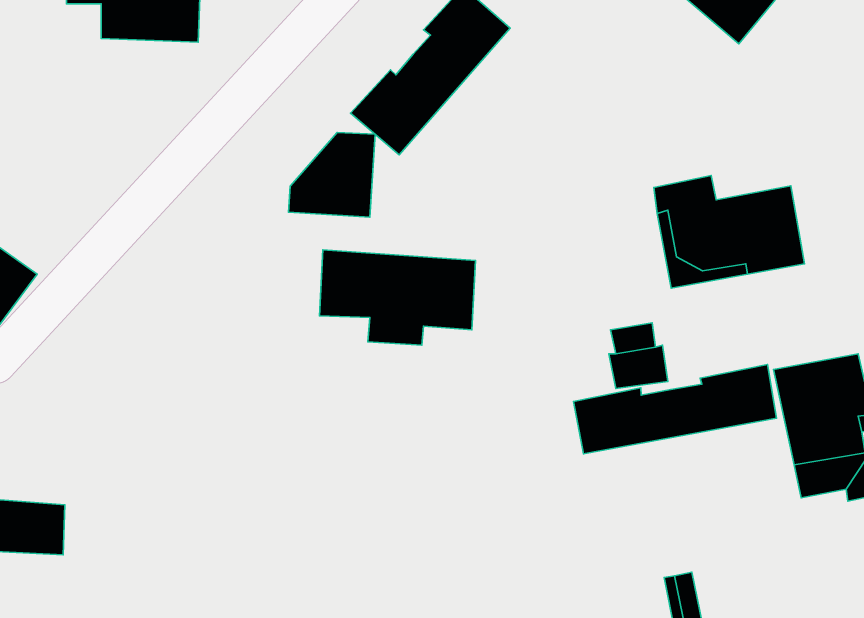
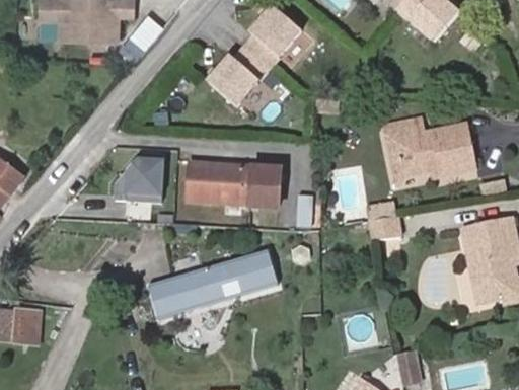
building: [289,132,375,217] -> [117,152,167,202]
building: [573,365,777,454] -> none
building: none -> [148,248,277,318]

